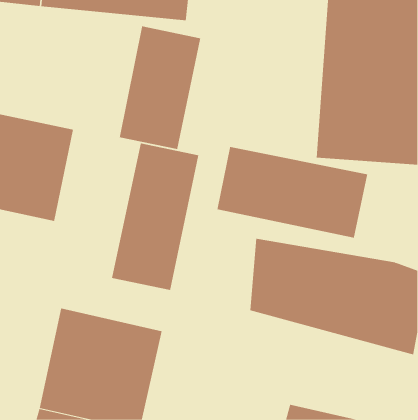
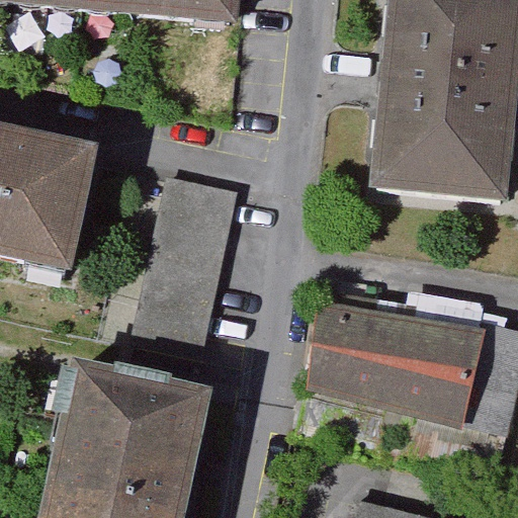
building: [119,26,201,150] -> none
building: [217,146,368,238] -> none

